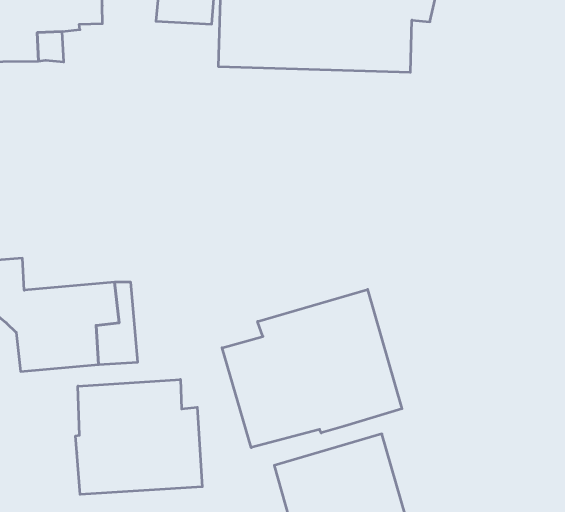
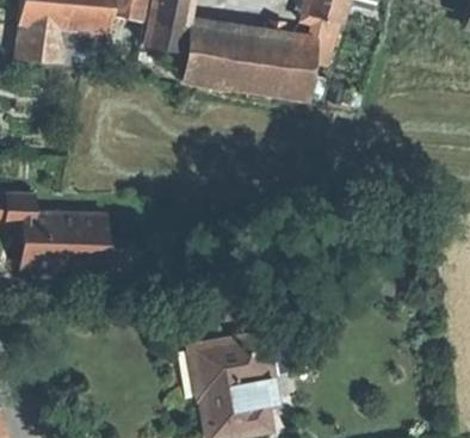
building: [222,289,402,448] -> none
building: [76,379,202,494] -> none

